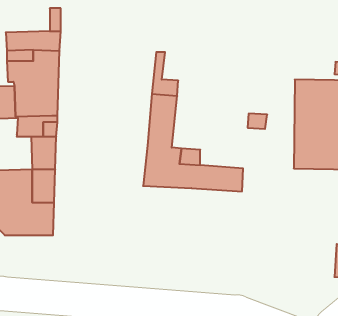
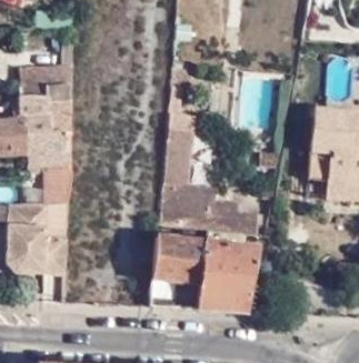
building: none -> [152,232,257,313]

